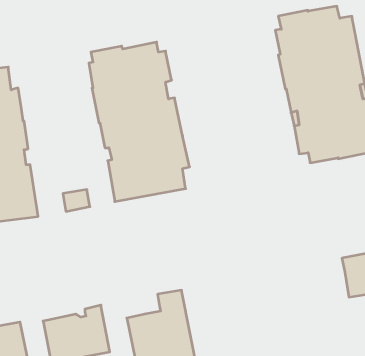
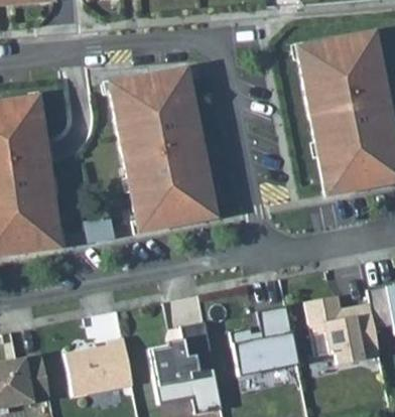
building: none -> [306,299,381,365]
building: none -> [231,306,298,377]

